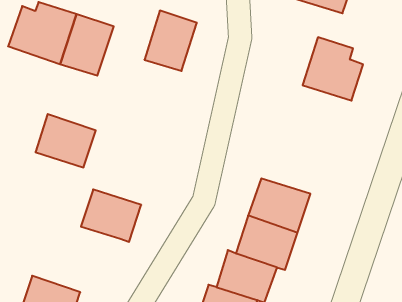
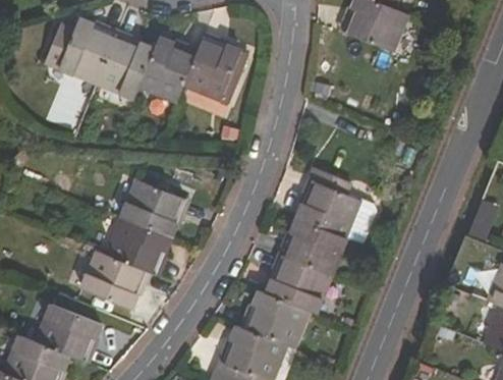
building: none -> [139,39,198,102]
building: [303,37,363,101] -> [297,169,361,237]
building: [35,114,96,167] -> [122,179,186,237]
building: none -> [82,252,147,309]

